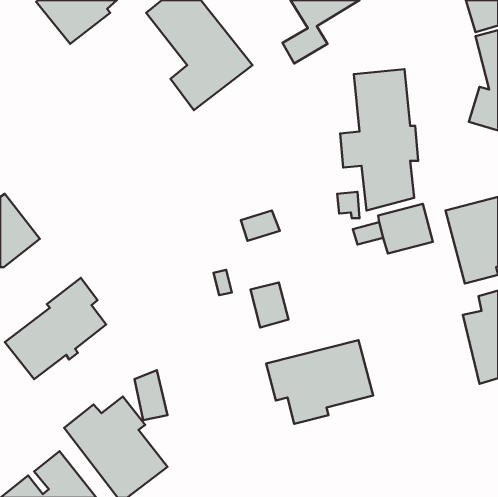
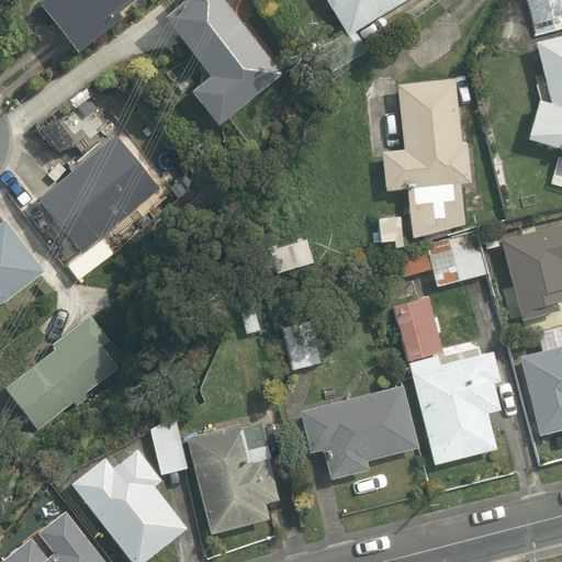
building: none -> [41,136,160,251]
building: none -> [393,297,503,463]
building: none -> [188,422,281,532]

